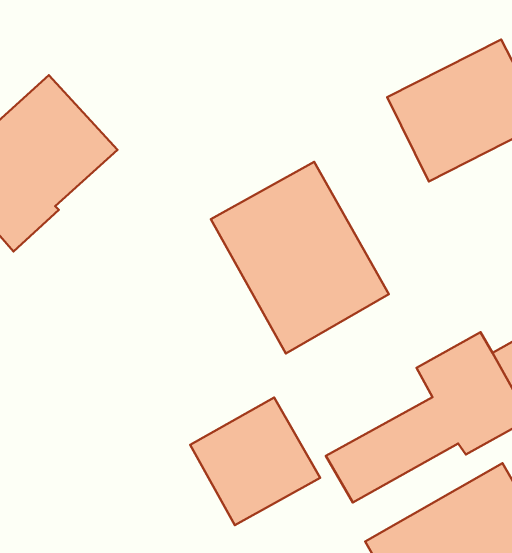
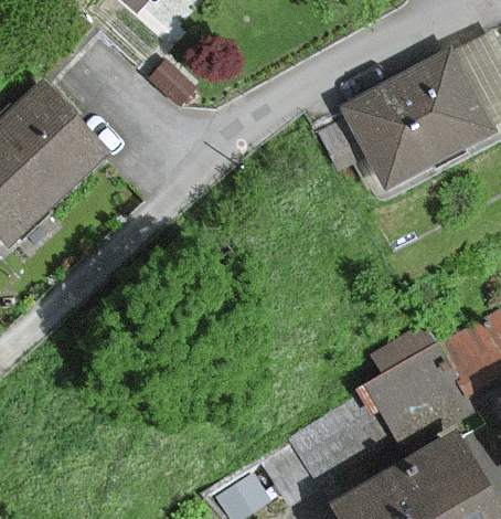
building: [211,162,389,353] -> none
building: [190,398,320,525] -> none

